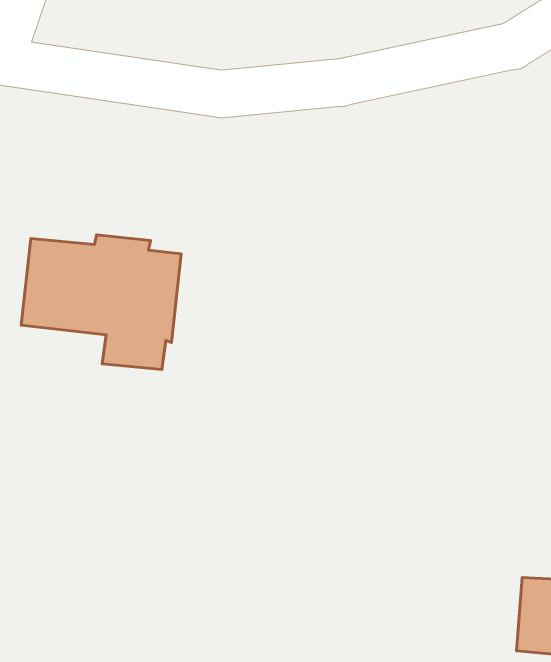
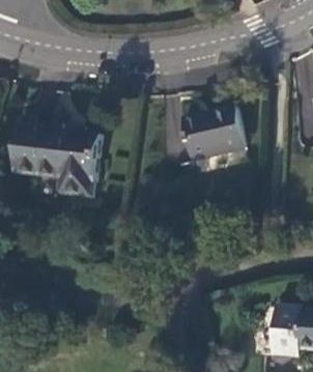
building: none -> [182,104,245,159]

